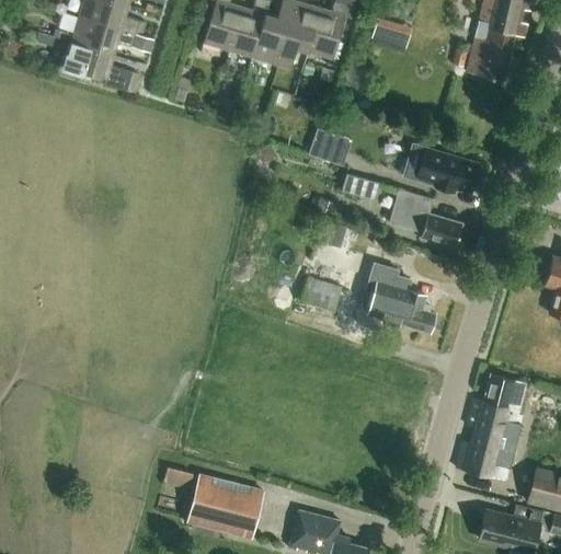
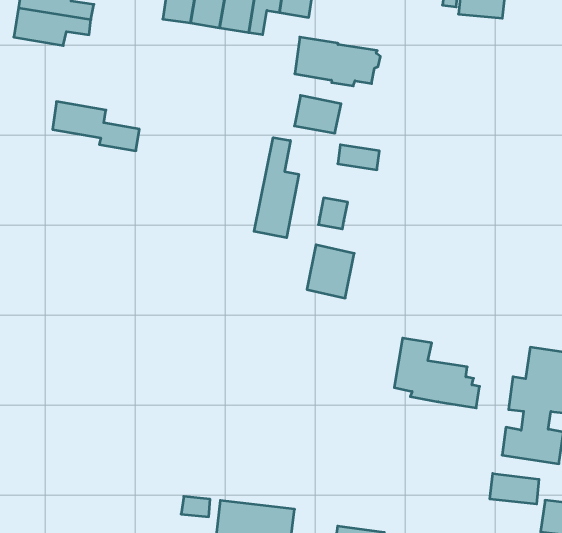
building: [65,42,141,94] -> [53,102,139,151]
building: [404,143,482,193] -> [295,37,380,86]
building: none -> [254,138,299,238]
building: [389,188,462,246] -> none
building: [360,263,436,333] -> [394,338,480,408]
building: none -> [490,473,539,504]

